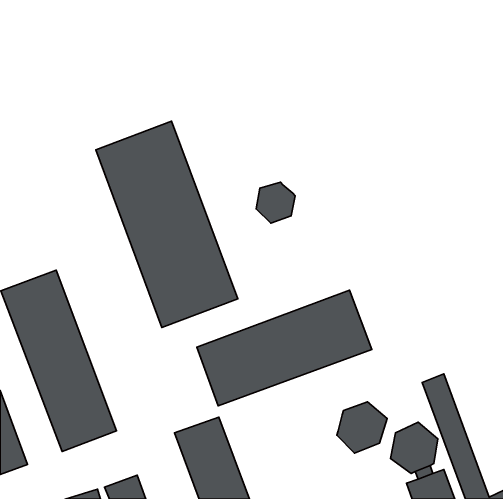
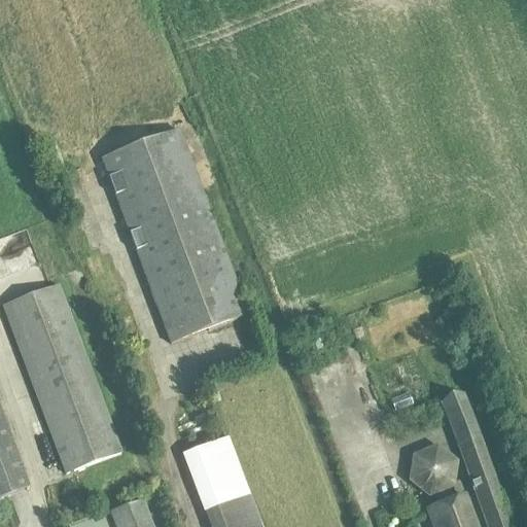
building: [256,182,295,223] -> none
building: [197,290,372,406] -> none
building: [337,402,387,453] -> none

